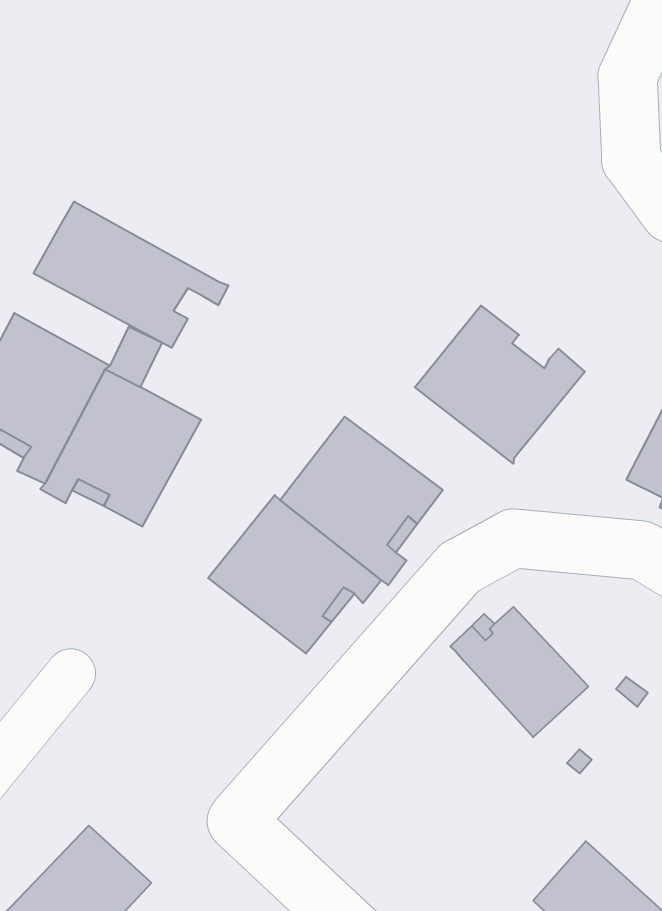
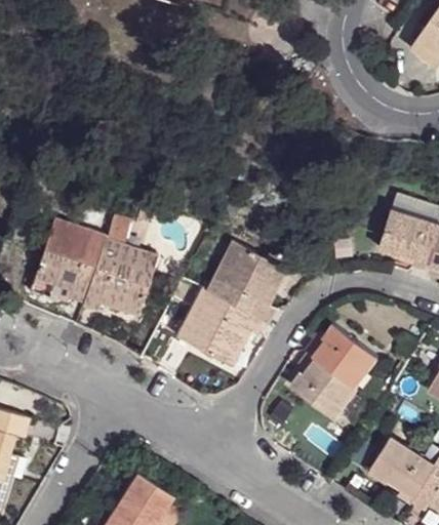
building: [34,201,228,348] -> none
building: [415,306,585,464] -> none
building: none -> [291,352,357,419]

